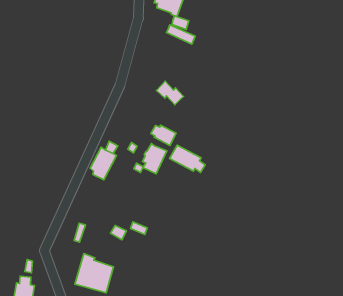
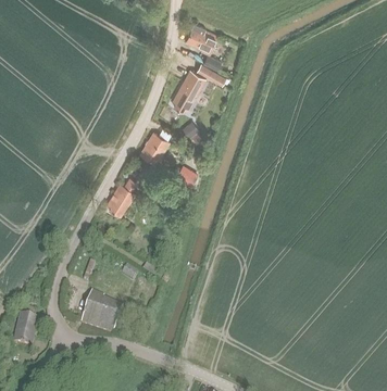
building: none -> [173,70,204,111]
building: [142,144,167,174] -> [142,131,168,163]
building: [170,145,205,172] -> none

